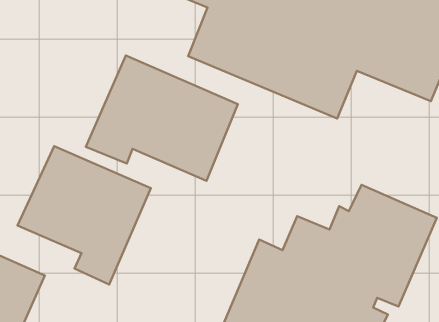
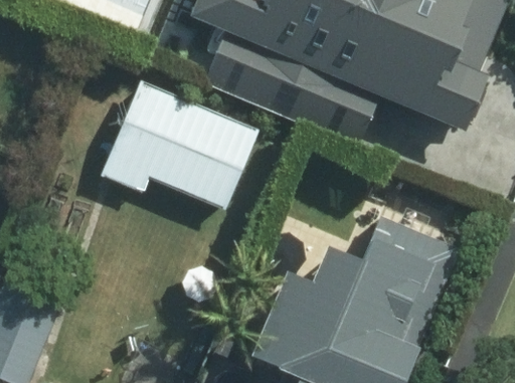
building: [18,146,151,285] -> none

